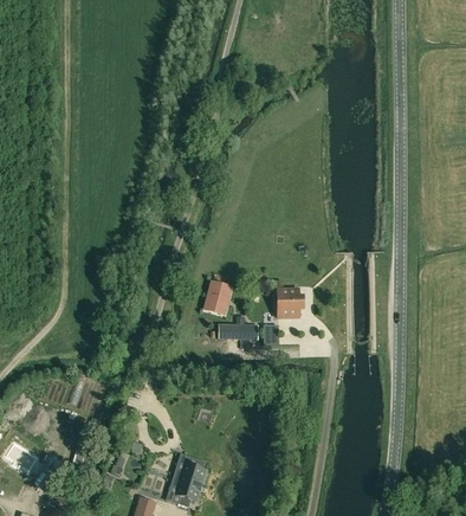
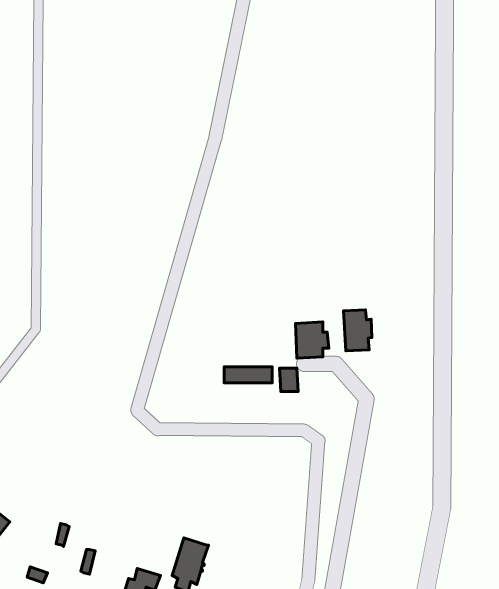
building: none -> [343,310,372,351]
building: [205,283,229,314] -> none

